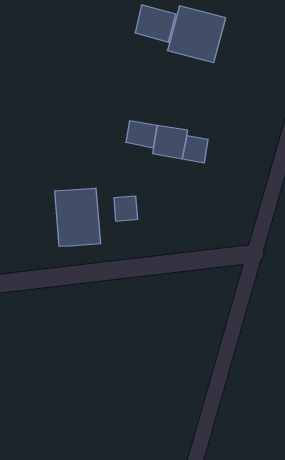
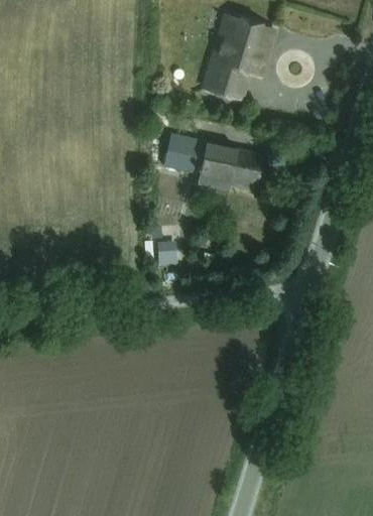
building: [135,5,176,42] -> [205,62,249,103]
building: [55,188,100,246] -> none

